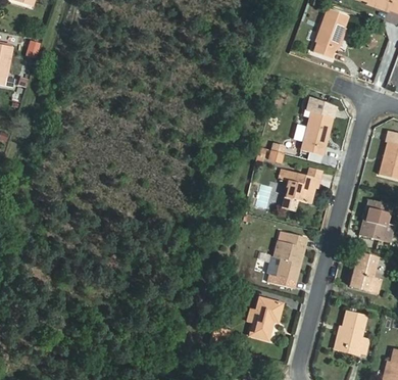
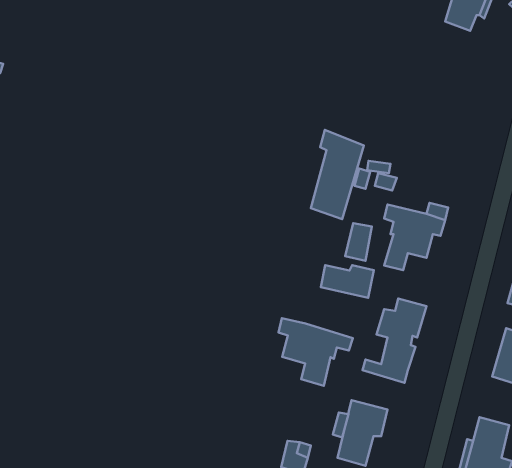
building: [302,98,337,156] -> [311,130,364,219]
building: none -> [321,265,374,298]
building: none -> [279,318,353,386]

